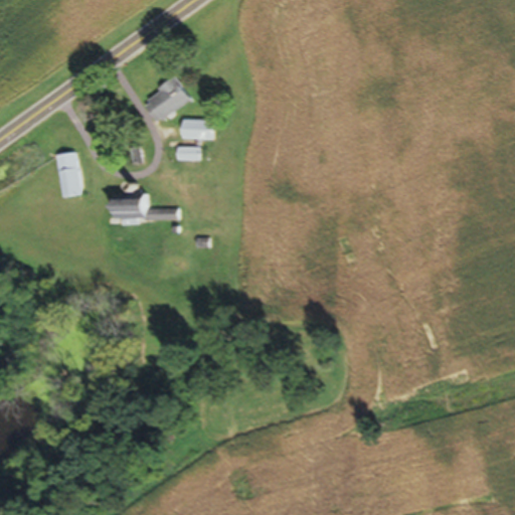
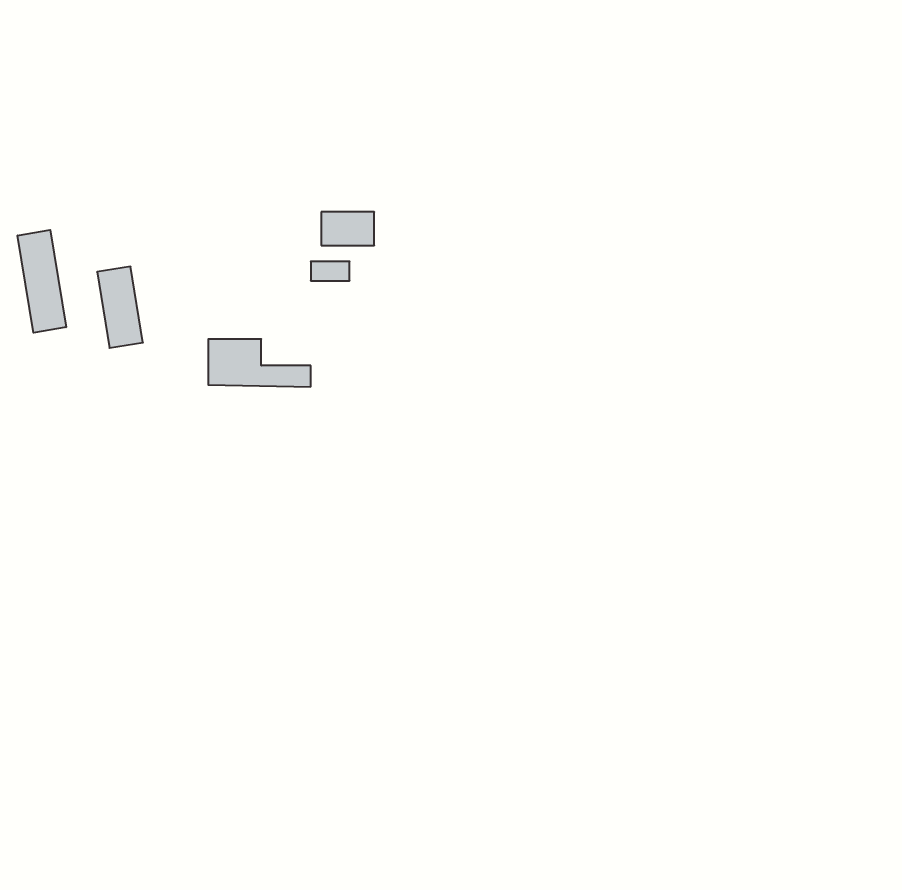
building: [144,78,191,122] -> none
building: none -> [18,230,66,333]

